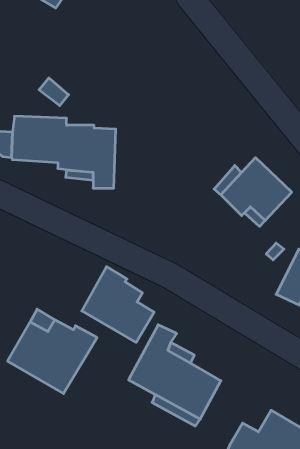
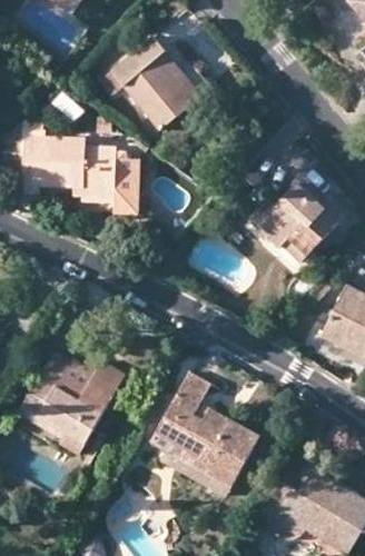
building: none -> [110,37,203,130]
building: [82,267,154,342] -> none

